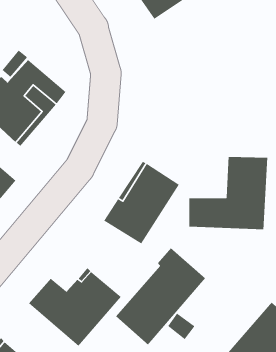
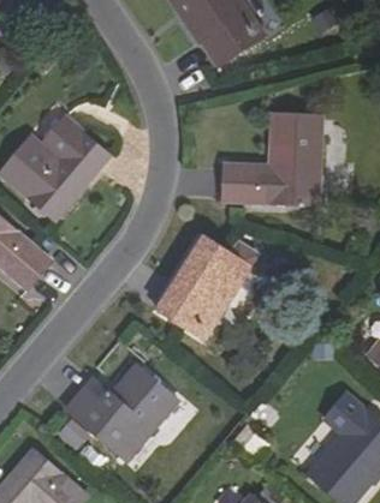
building: [188,156,268,230] -> [222,115,320,205]
building: [115,247,206,346] -> none

